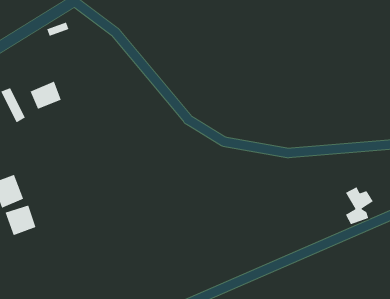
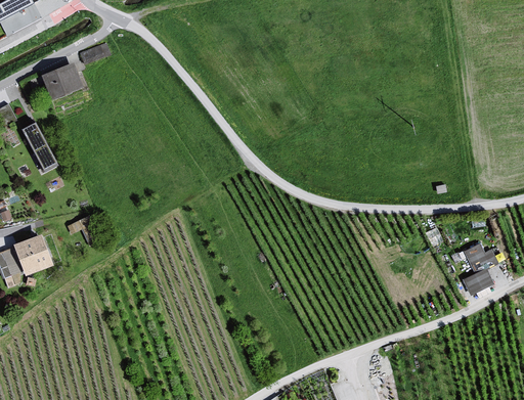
building: [29,81,62,110] -> [41,62,82,99]
building: [4,205,37,236] -> none

